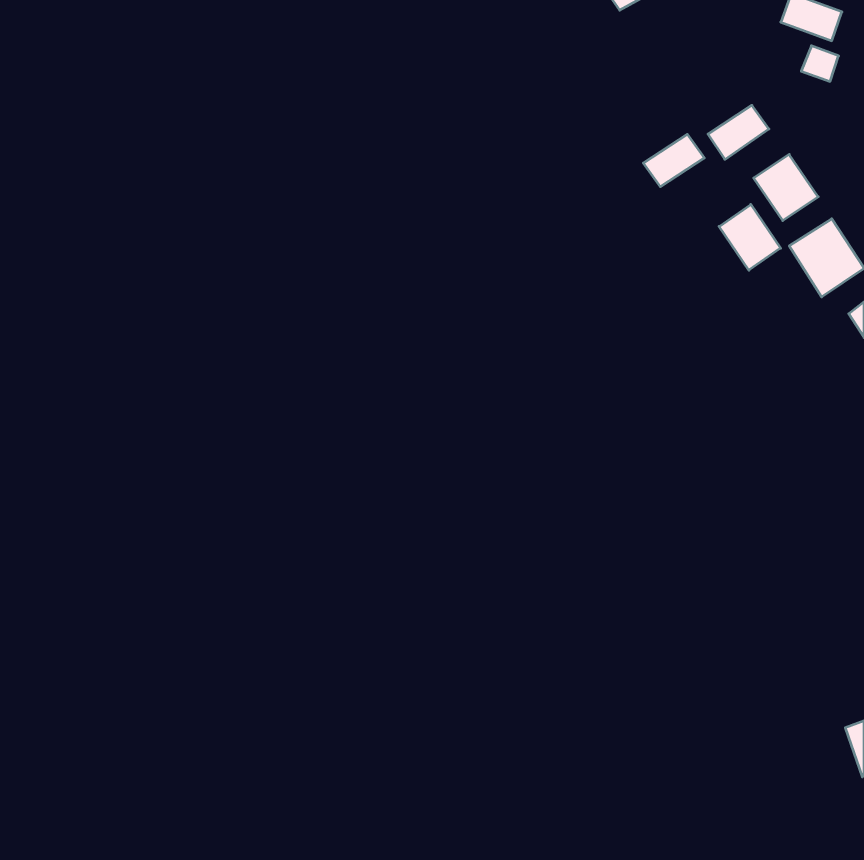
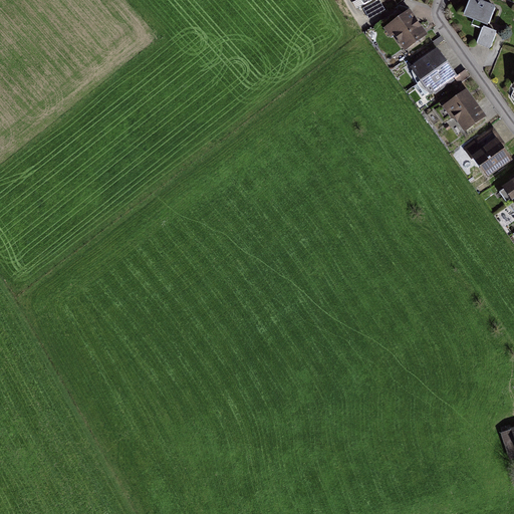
building: none -> [383,8,426,50]
building: [643,134,704,187] -> [409,48,445,79]
building: [719,204,781,270] -> none

